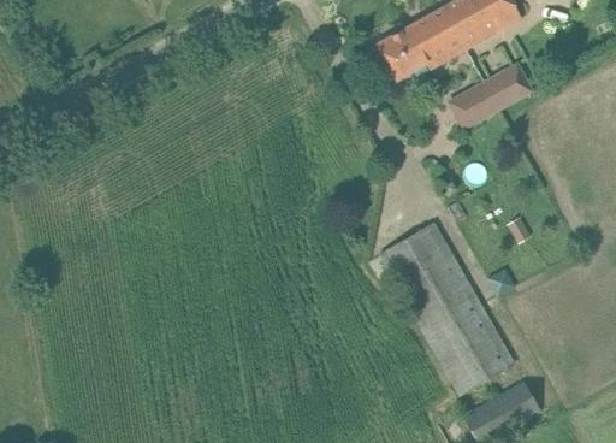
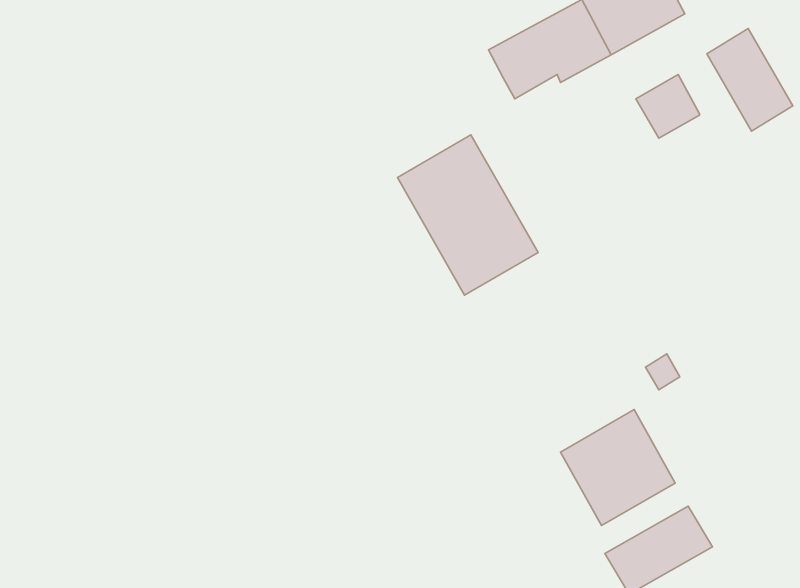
building: none -> [707,29,793,131]
building: [449,79,502,129] -> none
building: [380,222,484,339] -> [397,135,538,295]

